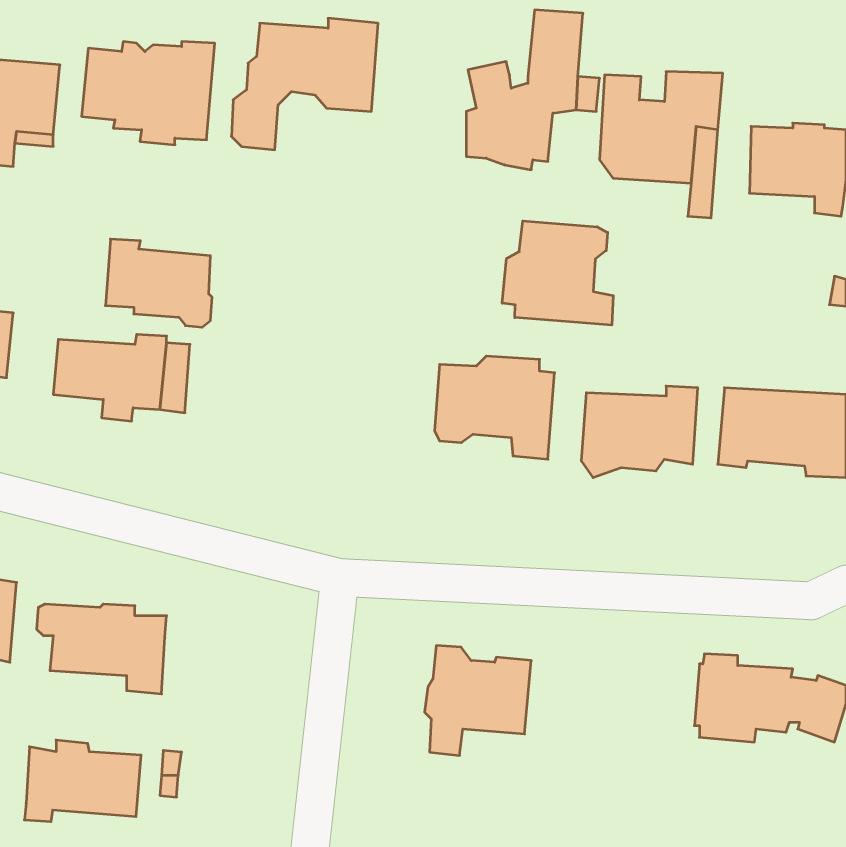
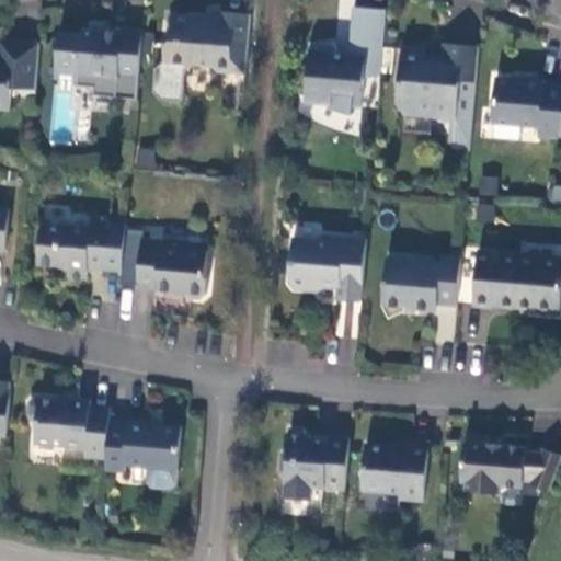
building: [502,221,613,325] -> none
building: [105,239,212,327] -> [139,241,209,299]
building: none -> [360,439,426,497]
building: [24,740,141,822] -> [105,417,182,471]

